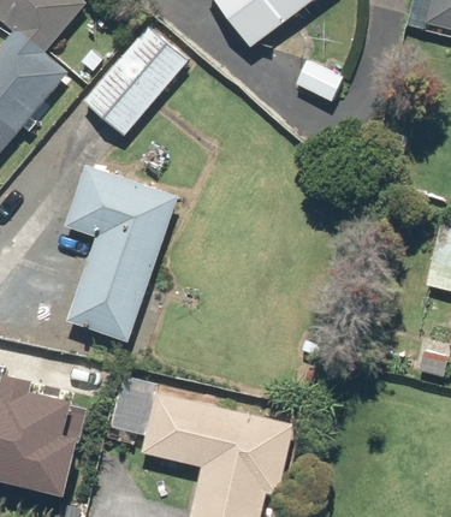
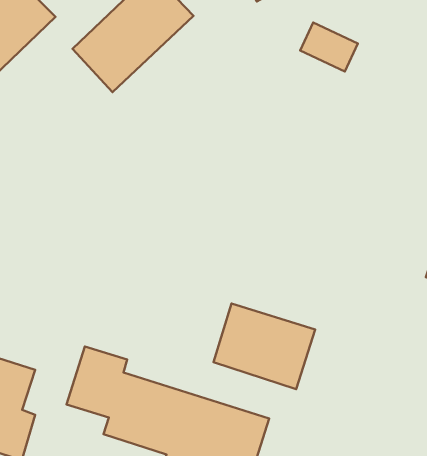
building: [65,167,176,343] -> none
building: none -> [214,303,315,389]

